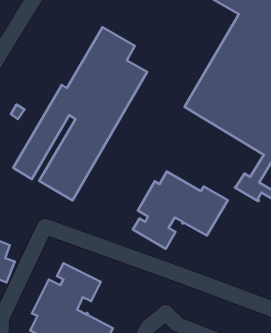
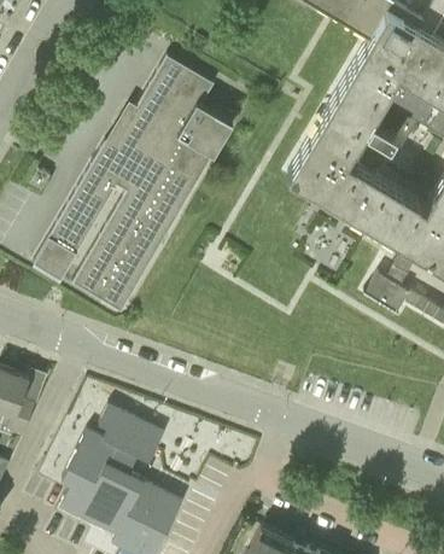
building: [133,172,228,249] -> none

